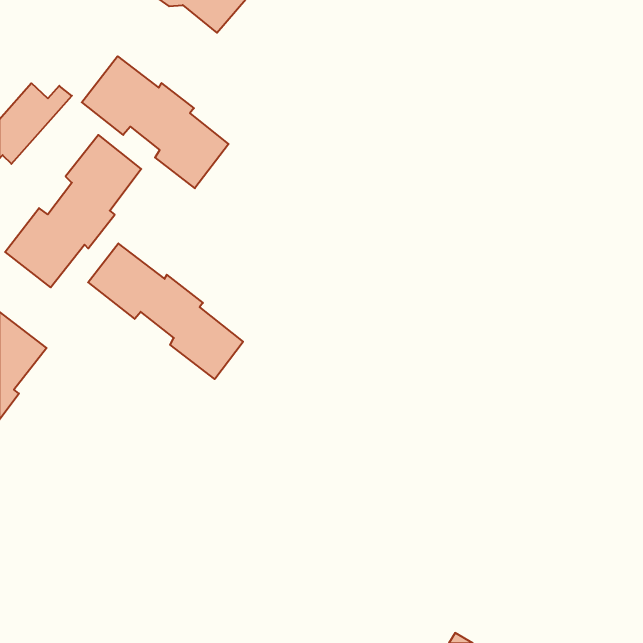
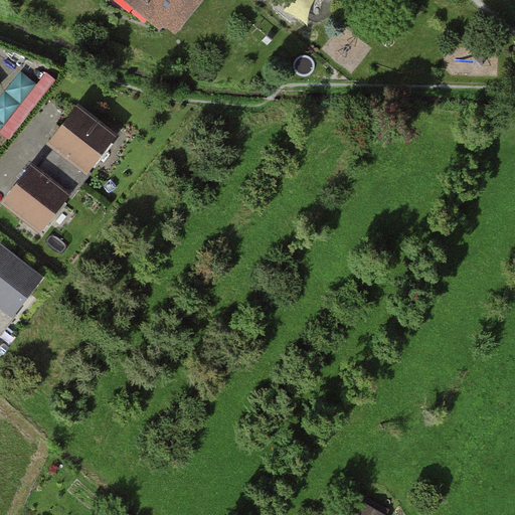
building: [82,56,229,188] -> none
building: [88,243,243,379] -> none

